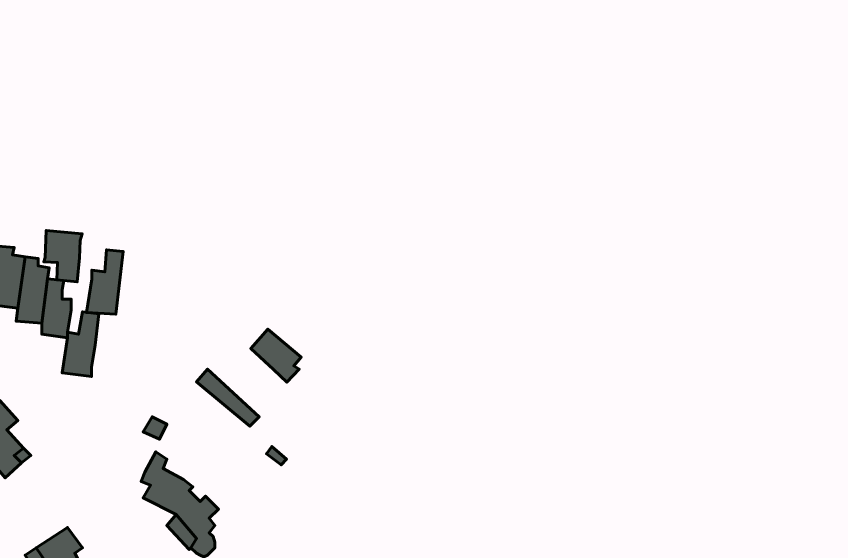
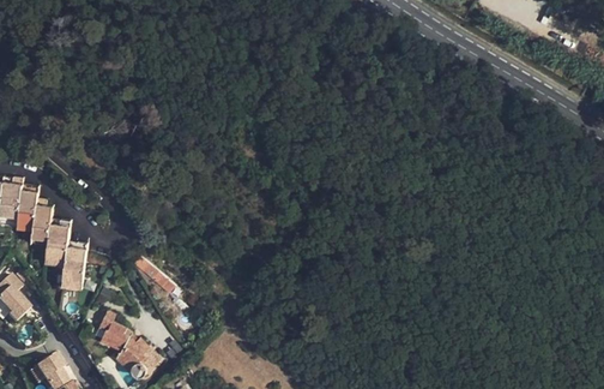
building: [44,230,82,282] -> none
building: [86,250,123,314] -> [62,243,86,285]
building: [251,329,301,382] -> none

